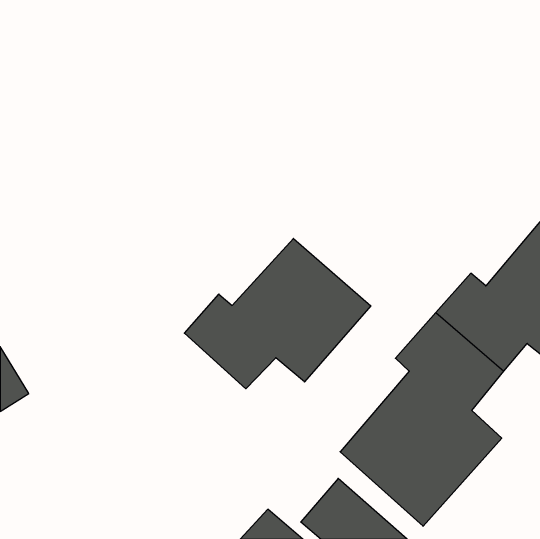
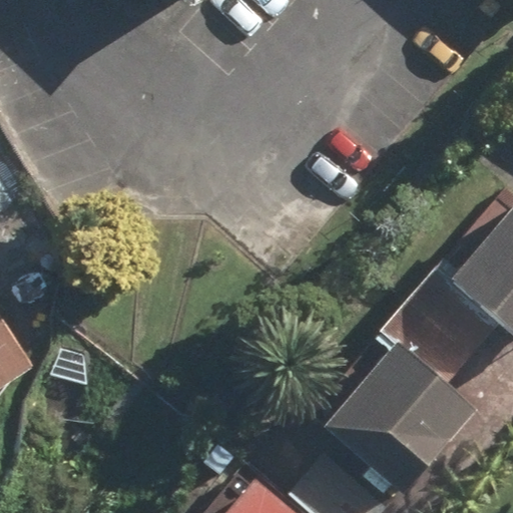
building: [184,238,371,389] -> none

